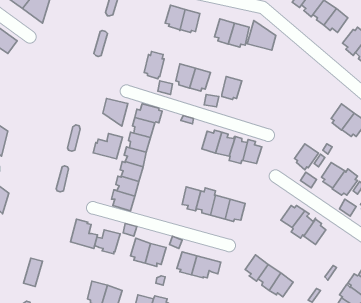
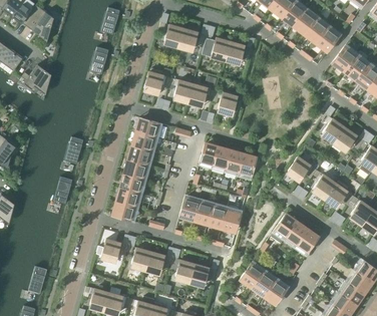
building: [247,20,276,50] -> none
building: none -> [22,64,51,94]
building: [103,99,128,126] -> none
building: [93,134,123,159] -> none
building: [71,219,98,249] -> none

